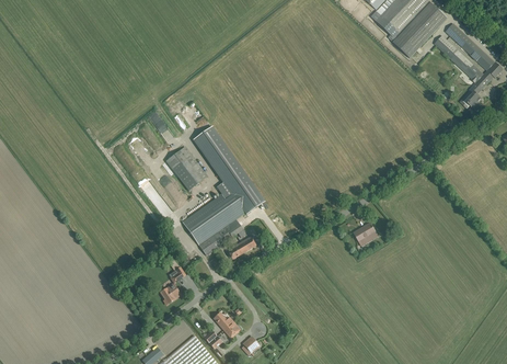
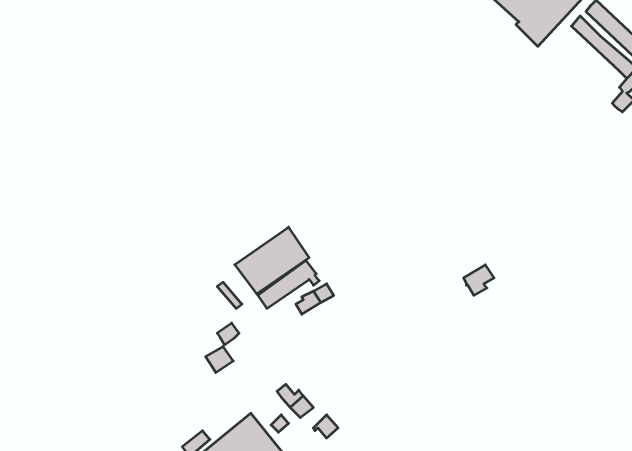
building: [193,126,264,216] -> none
building: [165,146,207,190] -> none

